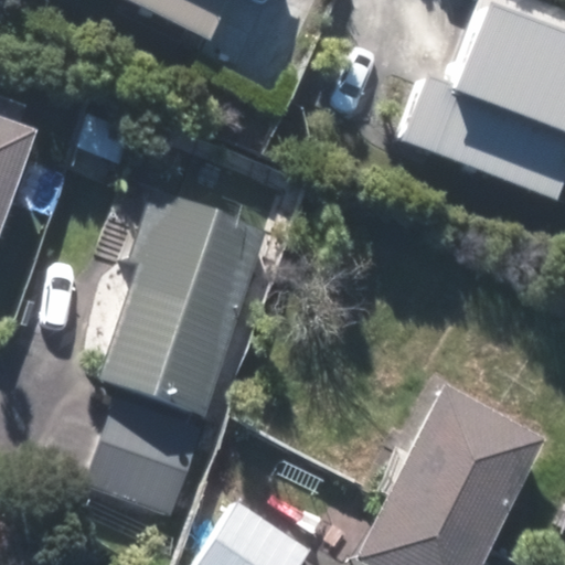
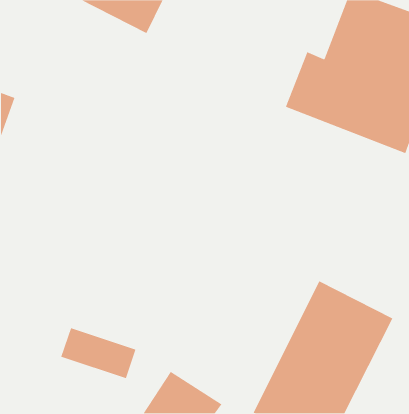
building: [105,209,267,416] -> none

